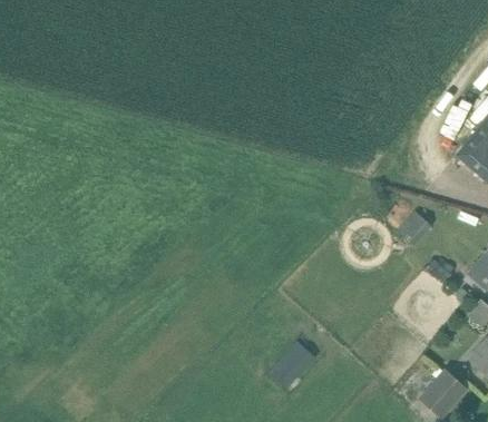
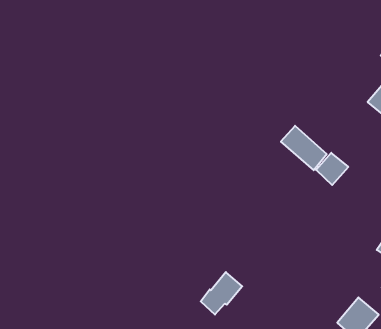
building: none -> [281,126,327,170]

